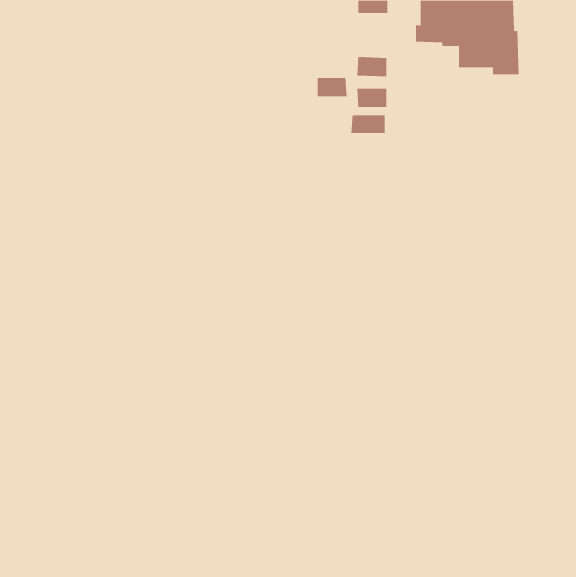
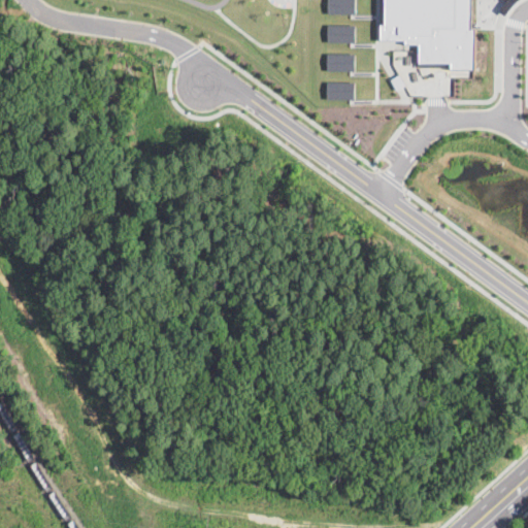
building: [317,78,347,97] -> [326,25,354,42]
building: [351,115,385,134] -> none

